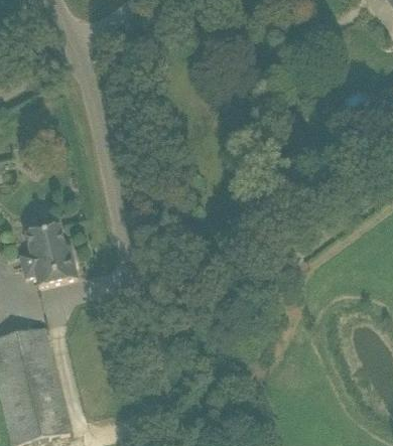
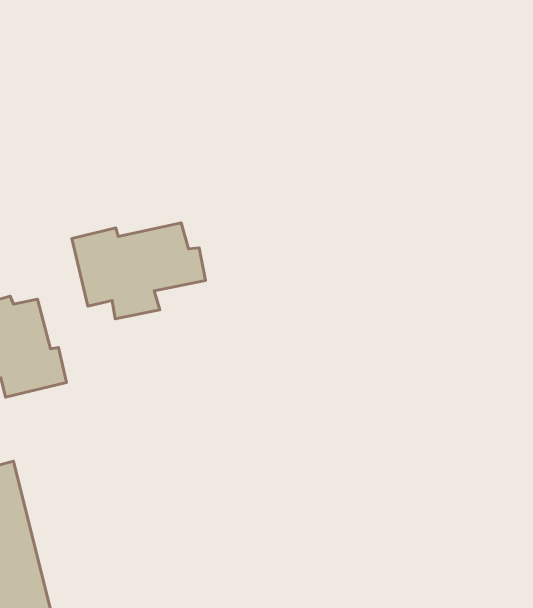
building: none -> [72,223,205,319]

